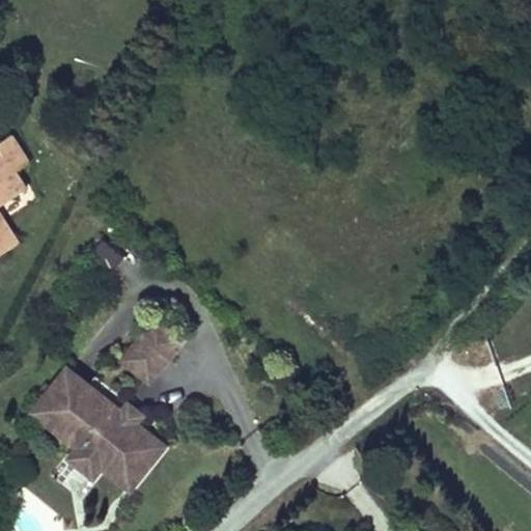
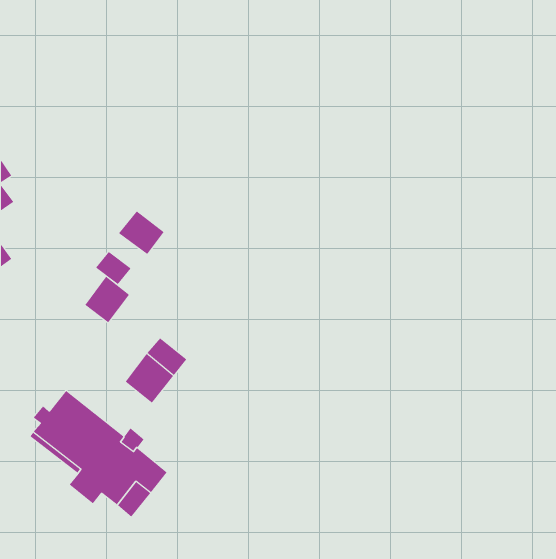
building: none -> [118,211,165,255]
building: none -> [85,276,130,323]

